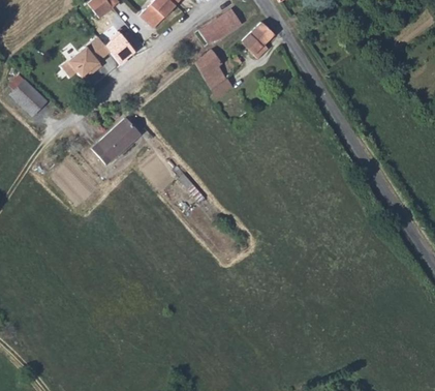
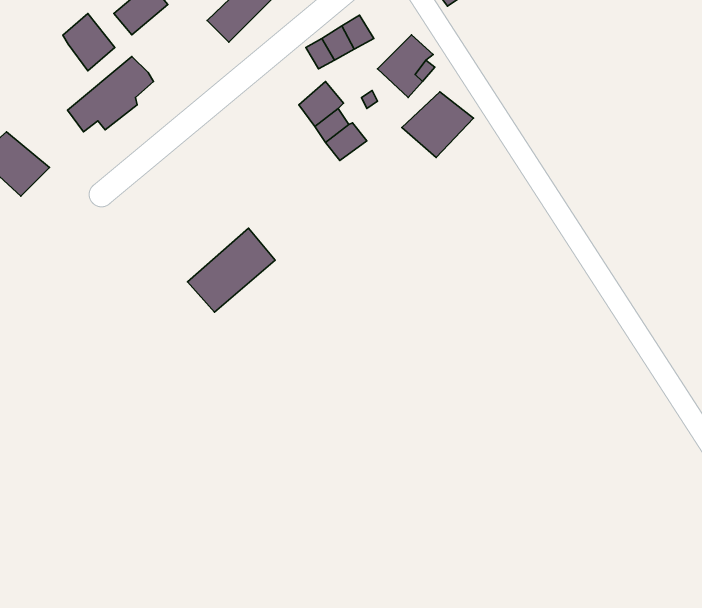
building: [107,32,137,65] -> [63,14,115,71]
building: none -> [402,92,473,158]
building: [92,116,143,164] -> [187,228,275,312]

